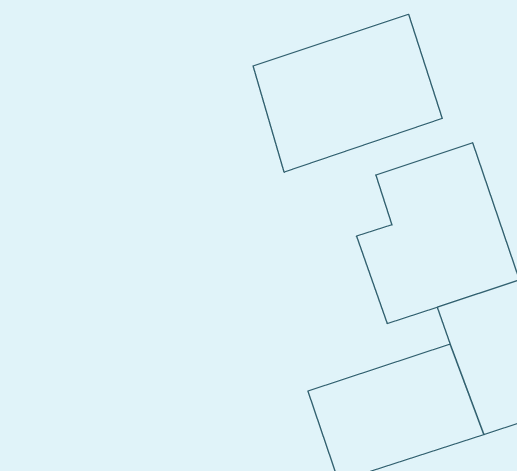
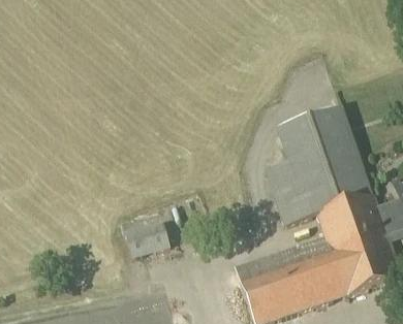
building: [253,14,442,172] -> none
building: none -> [127,220,170,254]

